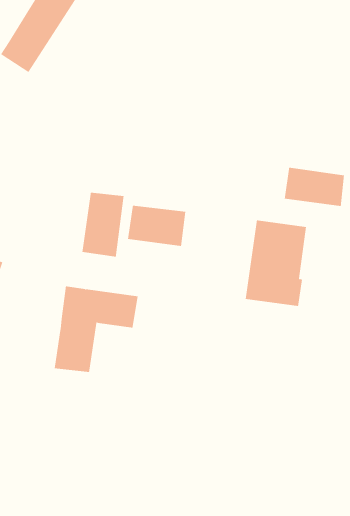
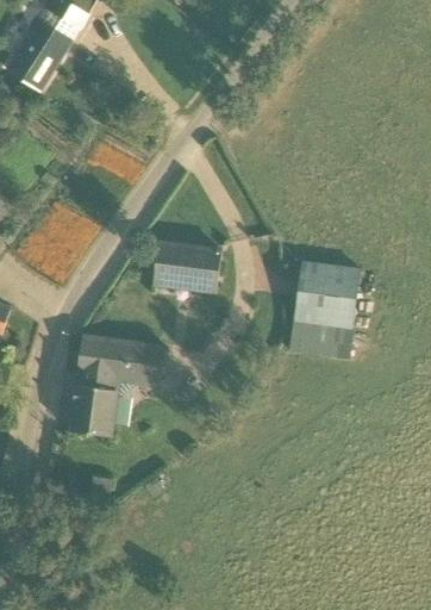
building: [284,167,344,207] -> none
building: [82,192,124,257] -> none

